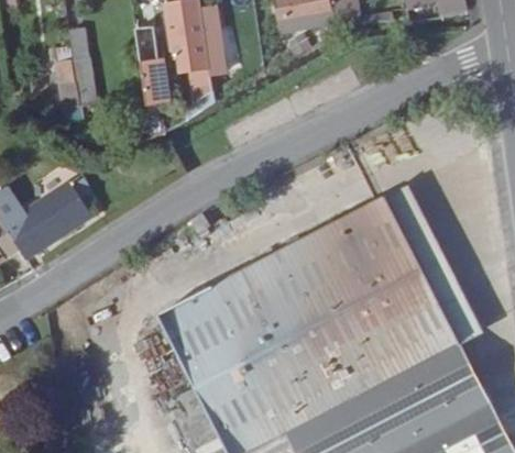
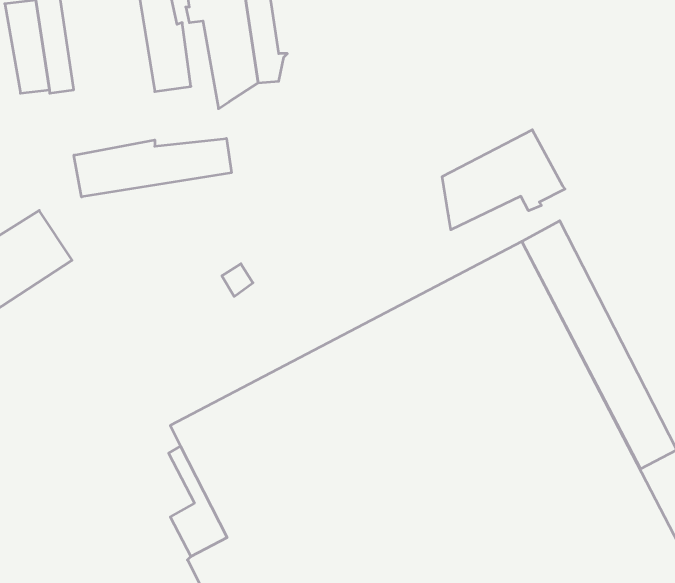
building: none -> [442,130,565,230]
building: none -> [74,138,231,197]

